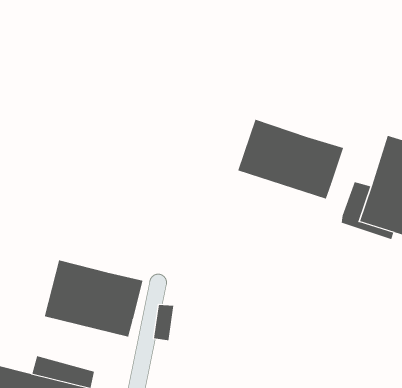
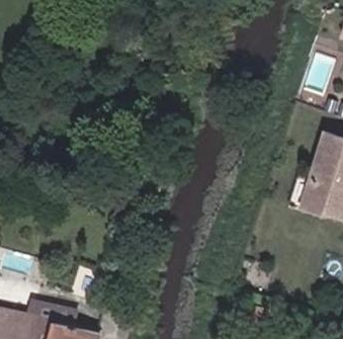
building: [237,119,344,200] -> none
building: [44,259,143,337] -> none

